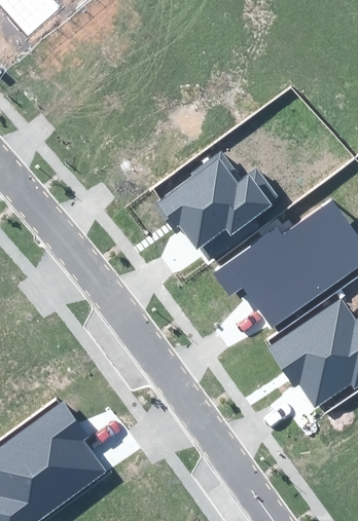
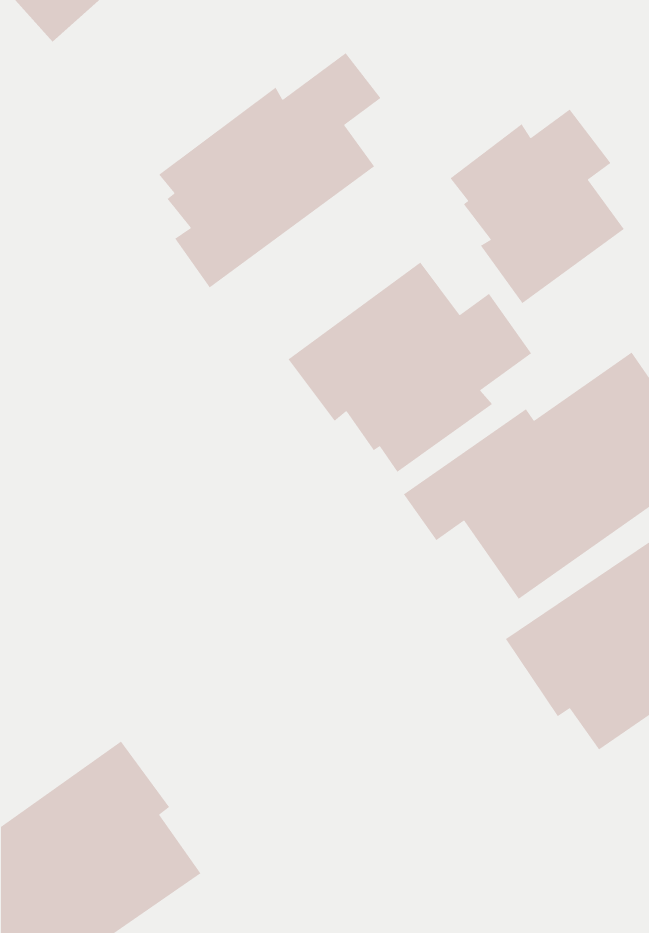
building: none -> [158,52,382,288]
building: none -> [450,108,625,304]

